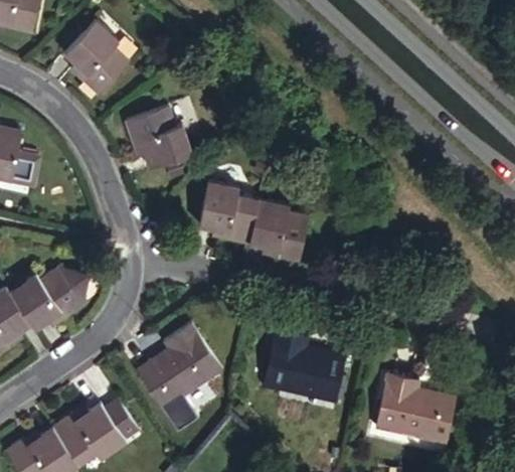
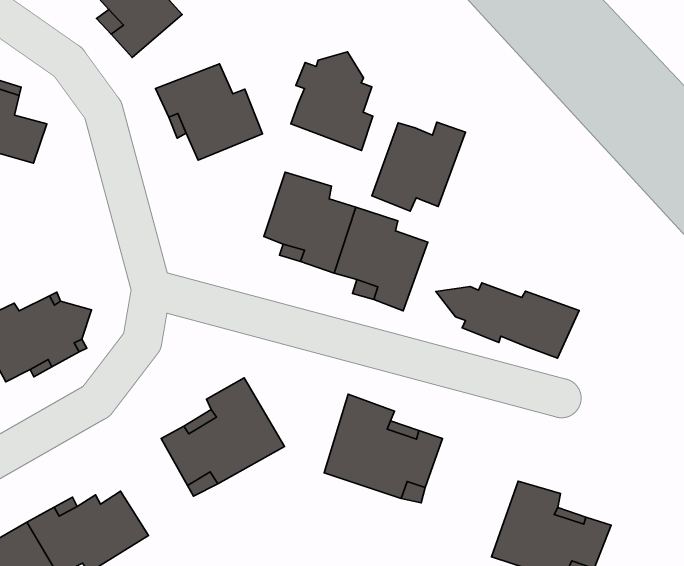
building: none -> [291,52,373,150]
building: none -> [372,122,465,211]
building: none -> [436,283,579,358]

